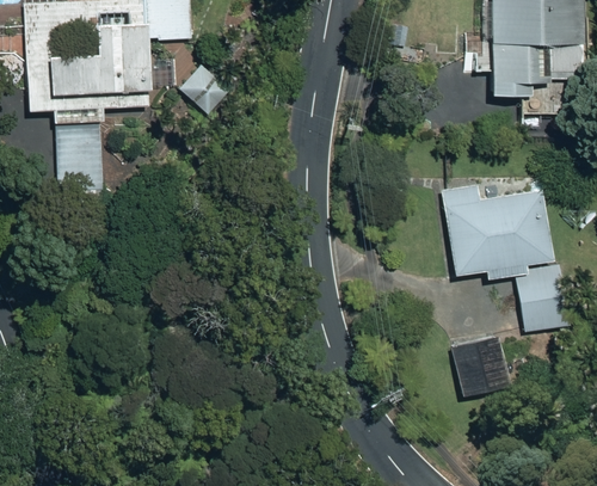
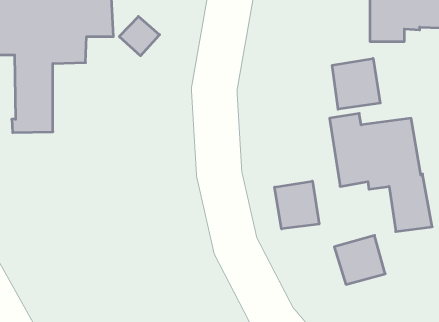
building: none -> [332,58,380,109]
building: none -> [275,181,319,229]

